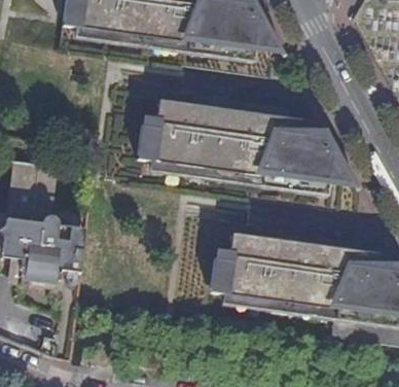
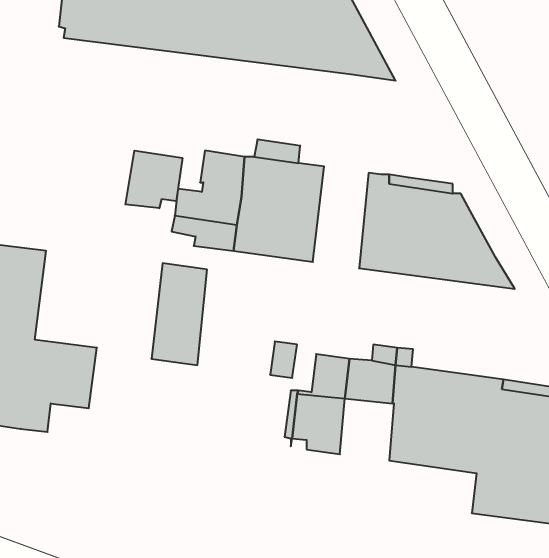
building: none -> [125,151,182,208]
building: [227,110,263,176] -> [151,263,207,365]
building: [245,260,280,301] -> none

